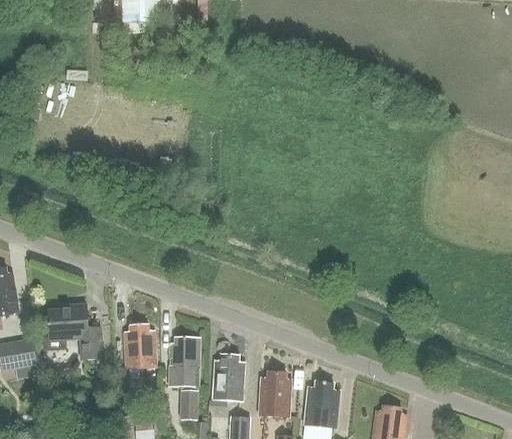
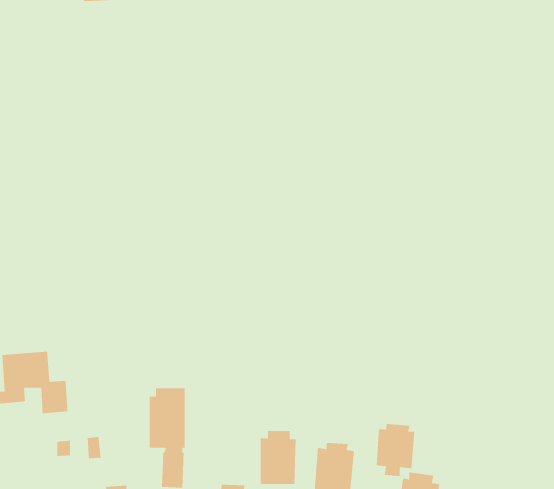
building: [124,325,157,379] -> none
building: [213,355,243,402] -> none
building: none -> [376,423,415,477]

